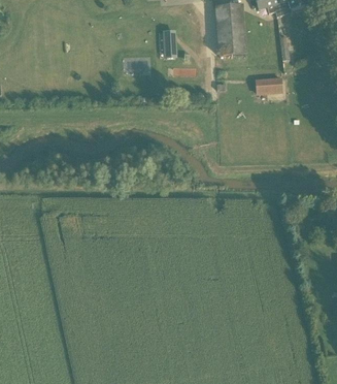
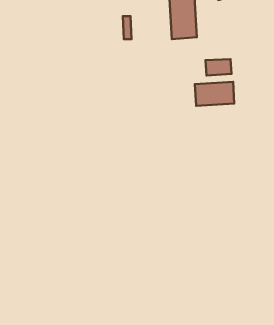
building: none -> [195,82,234,106]

